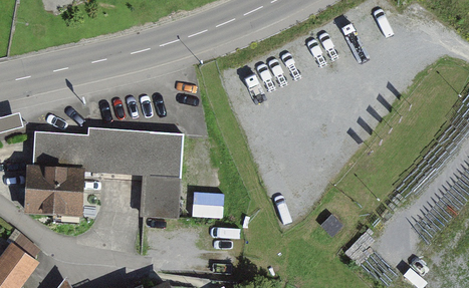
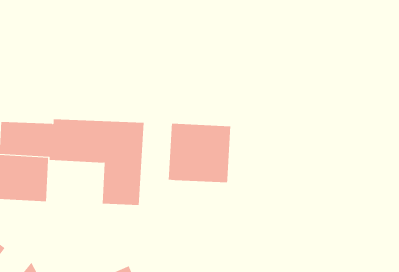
building: none -> [168,123,231,183]

